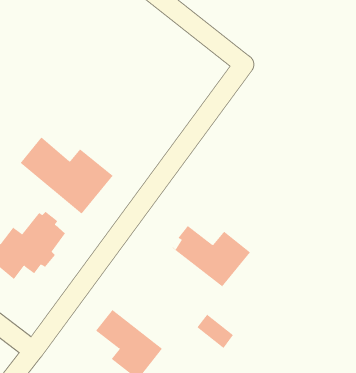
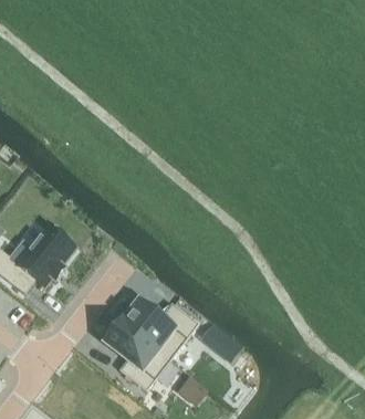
building: [20,137,113,214] -> none
building: [172,225,251,287] -> [118,298,196,359]

